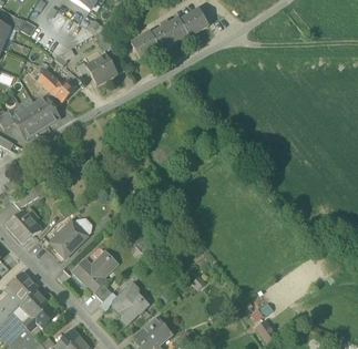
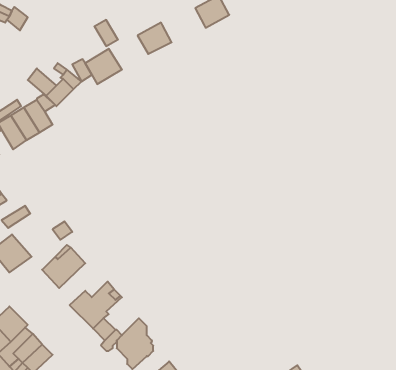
building: [152,18,187,49] -> none

